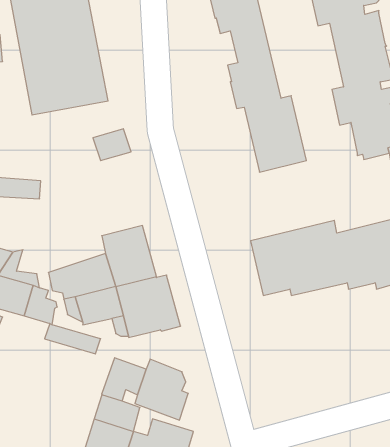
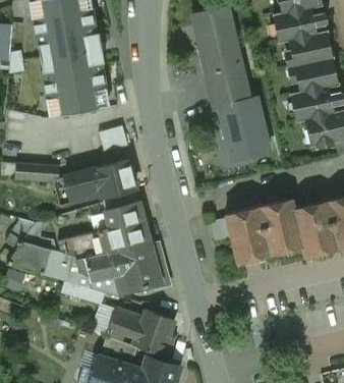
building: none -> [65,159,135,202]

